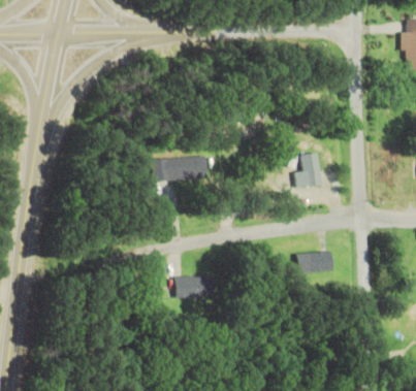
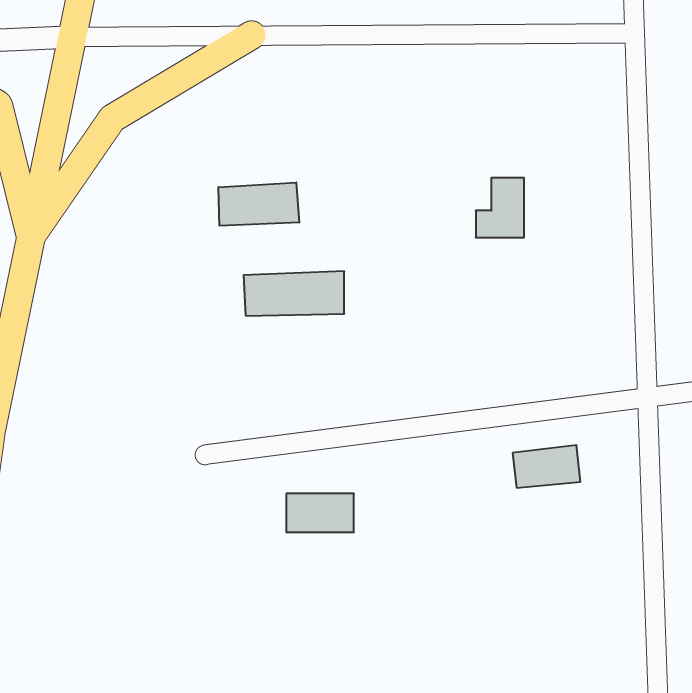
building: none -> [218,182,299,226]
building: [295,154,321,186] -> [476,178,524,238]

